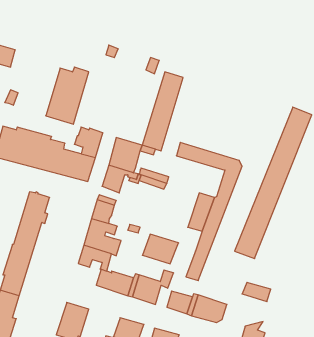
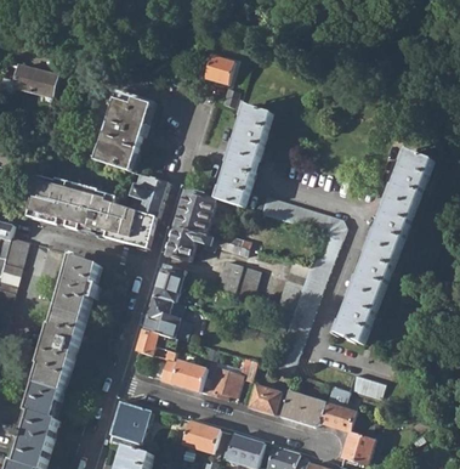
building: none -> [204,55,234,84]
building: [142,234,179,264] -> [216,259,262,296]
building: none -> [319,402,375,430]

